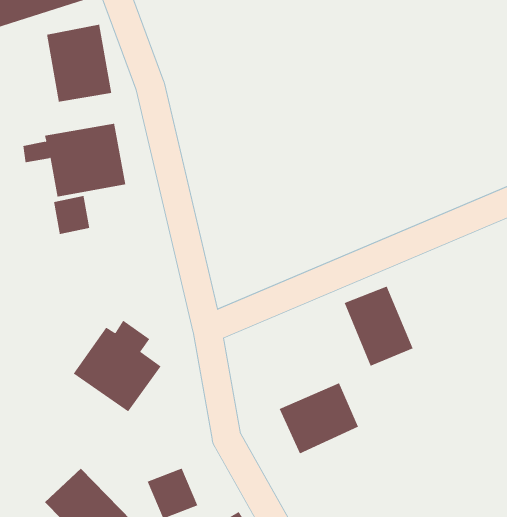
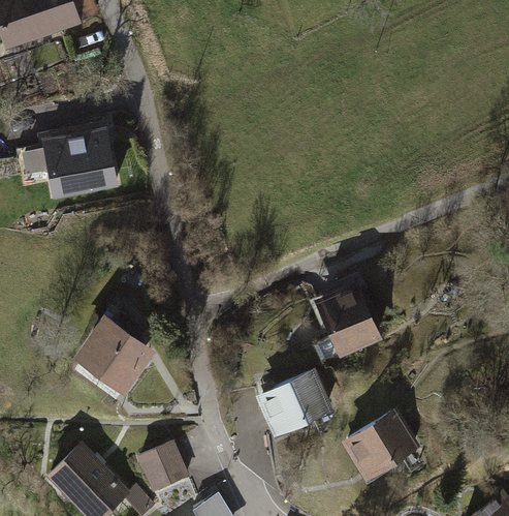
building: [47,24,112,103] -> none
building: [54,195,90,235] -> none
building: none -> [347,408,417,476]

